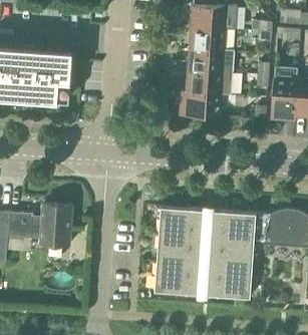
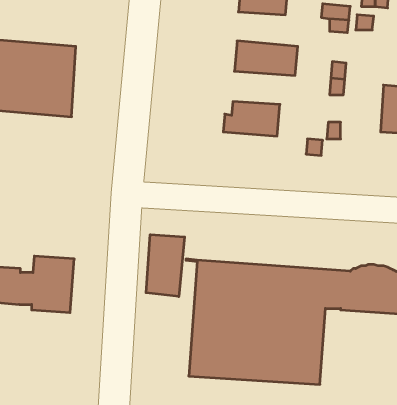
building: [190,26,225,50] -> none
building: [187,69,232,94] -> none
building: [271,77,296,117] -> none
building: none -> [146,235,185,297]

